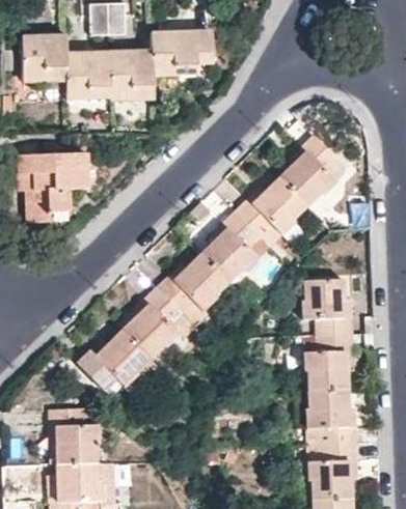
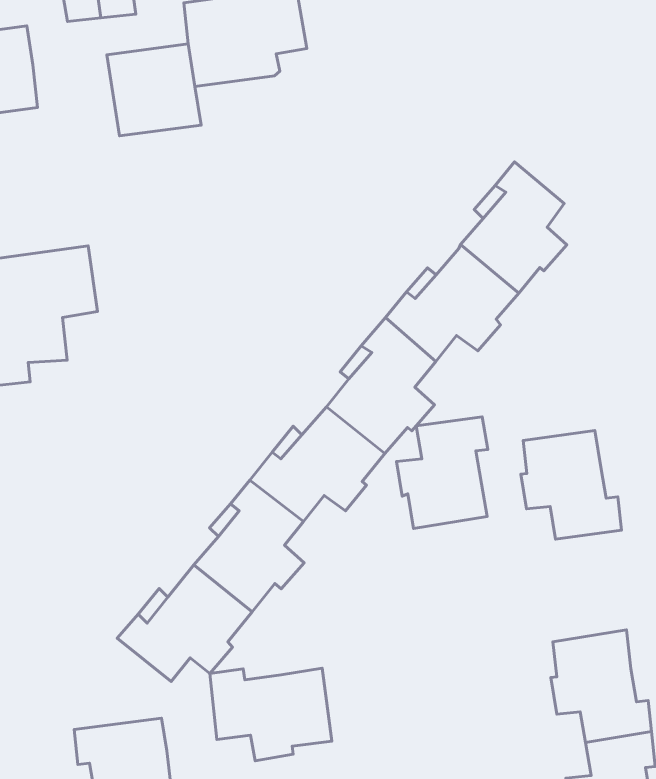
building: [69,55,110,100] -> none
building: [304,335,353,390] -> [396,417,488,529]
building: none -> [210,668,332,761]

